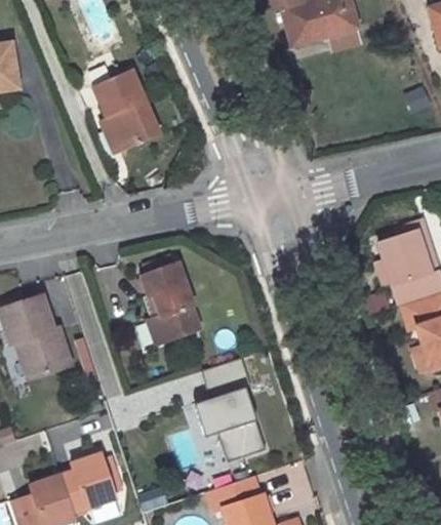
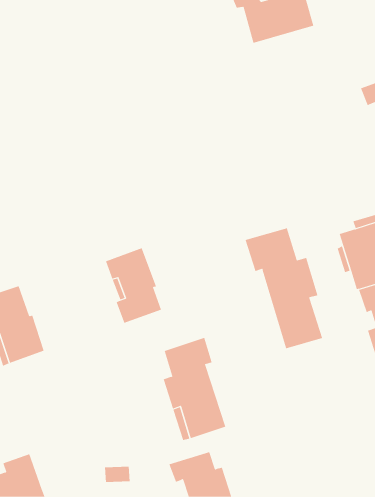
building: [94,70,161,152] -> none
building: none -> [245,228,323,349]
building: [57,454,115,515] -> none

